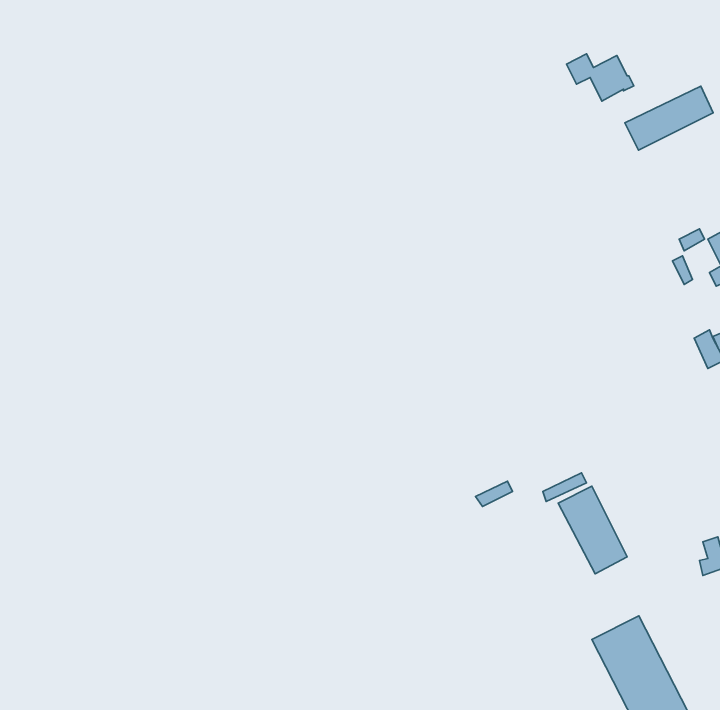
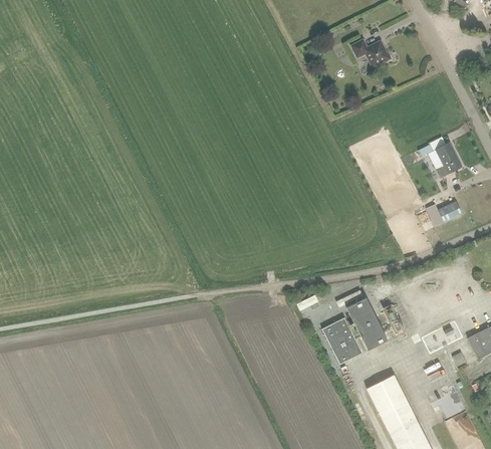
building: [625,86,713,150] -> none
building: none -> [321,316,361,363]

